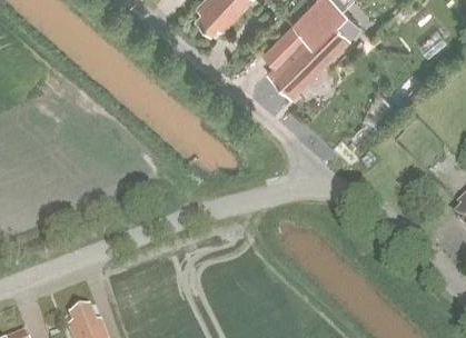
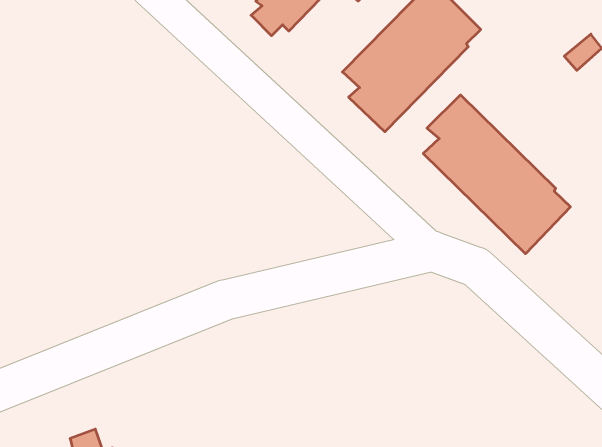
building: none -> [423,95,570,254]

